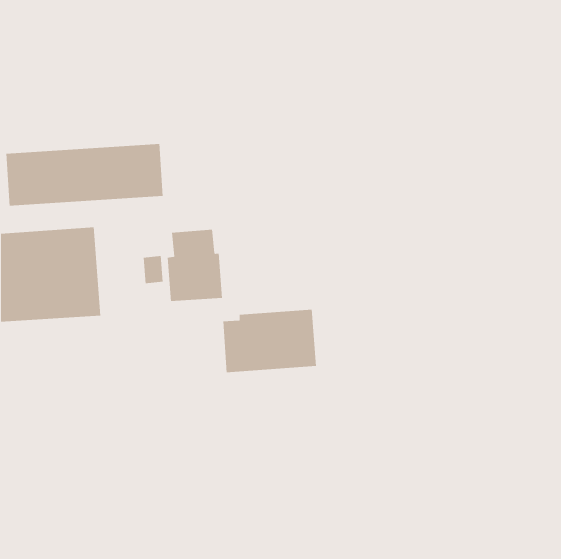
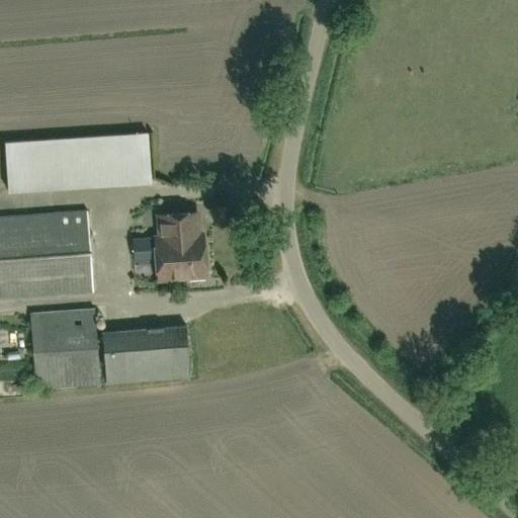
building: [222,309,317,373] -> [102,326,189,384]
building: none -> [29,309,100,390]

